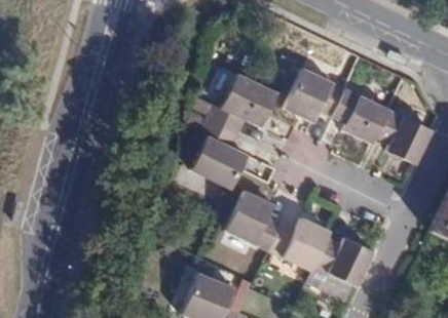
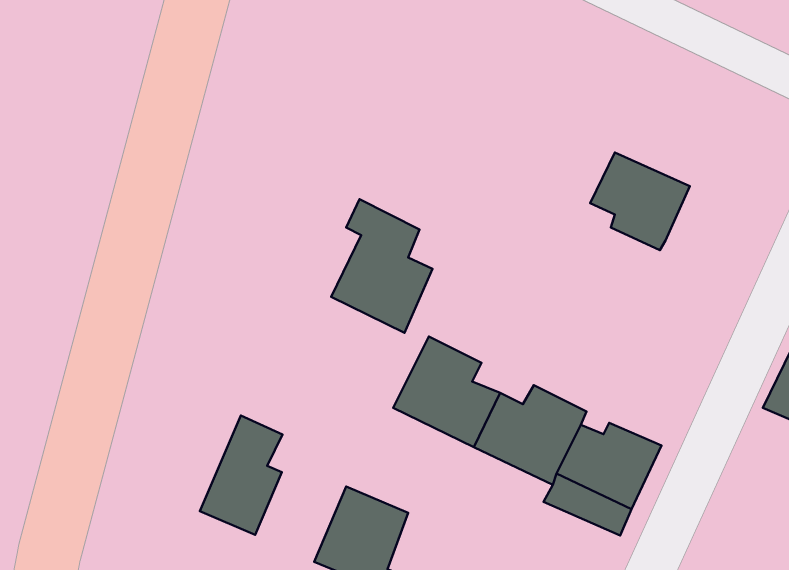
building: [285,69,346,120] -> none
building: [207,73,277,131] -> none
building: [374,108,431,163] -> none
building: none -> [200,416,283,535]

